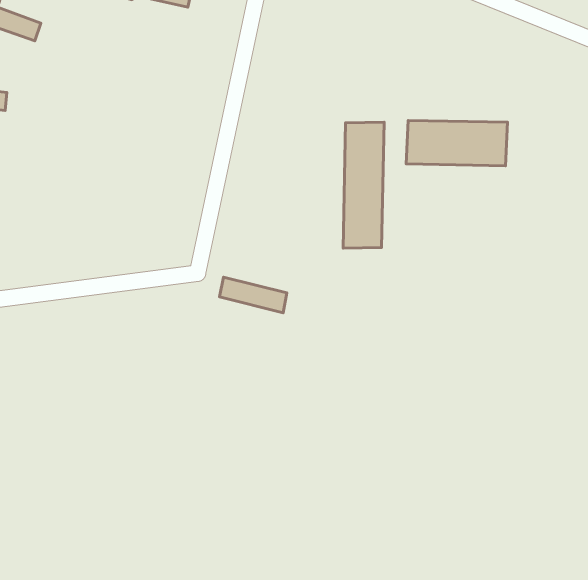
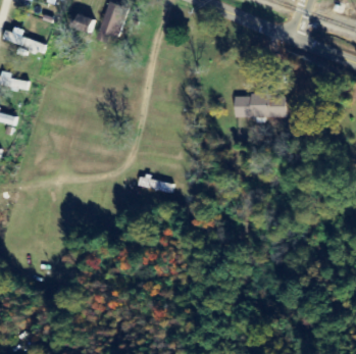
building: [343,122,384,248] -> none

